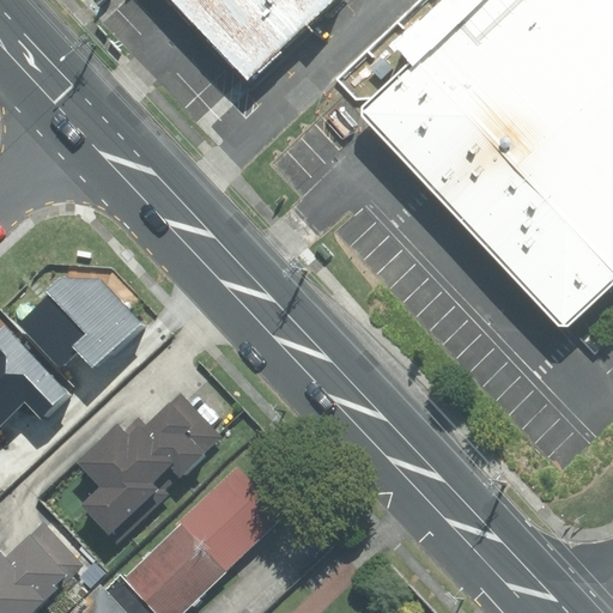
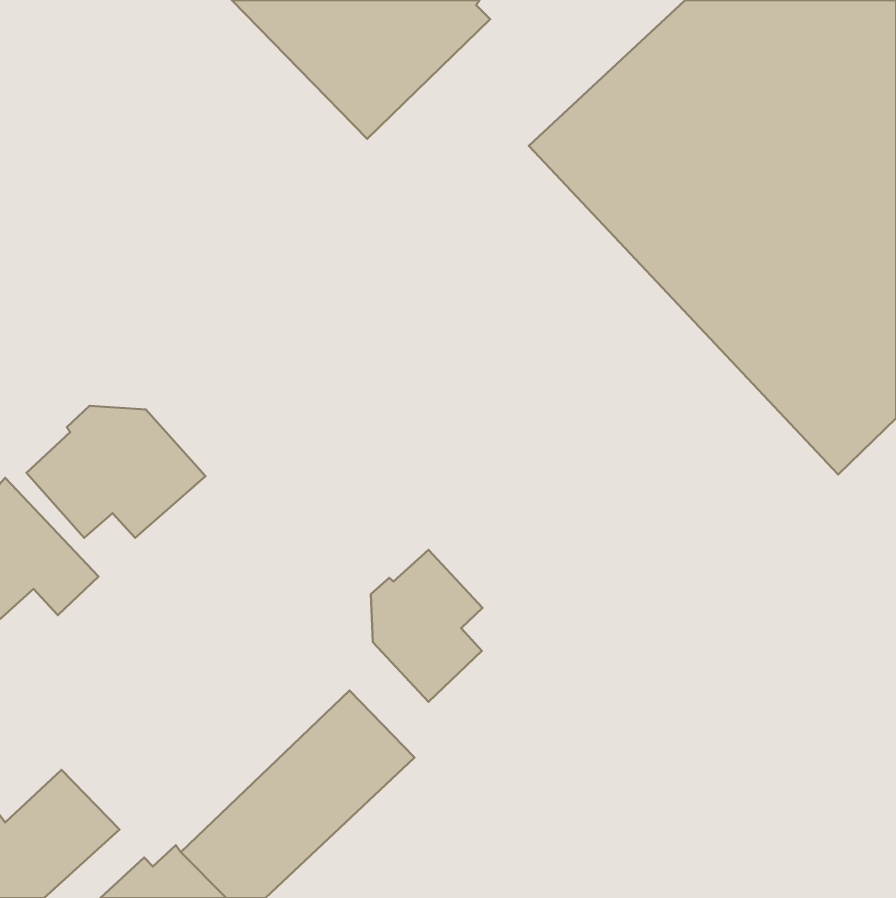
building: none -> [371,550,483,702]
building: [74,393,220,545] -> none

